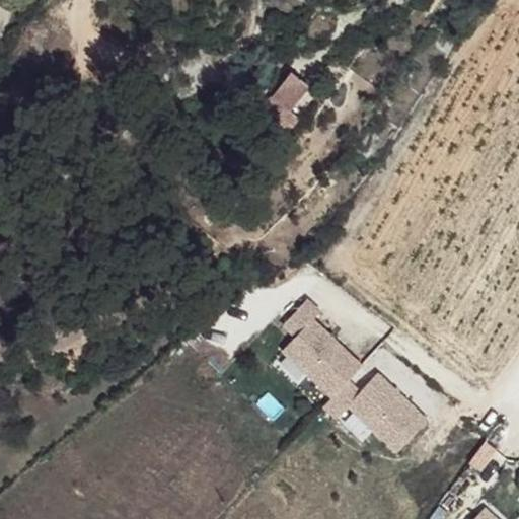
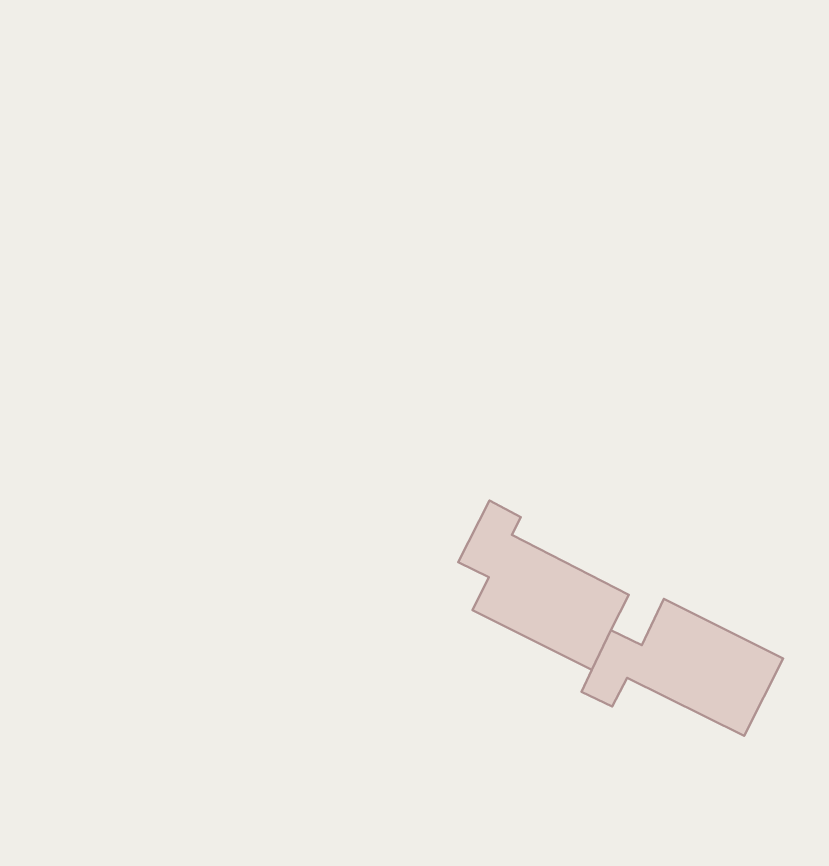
building: [270,77,311,120] -> none

